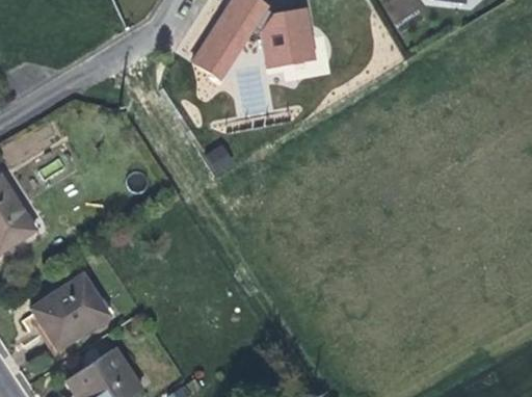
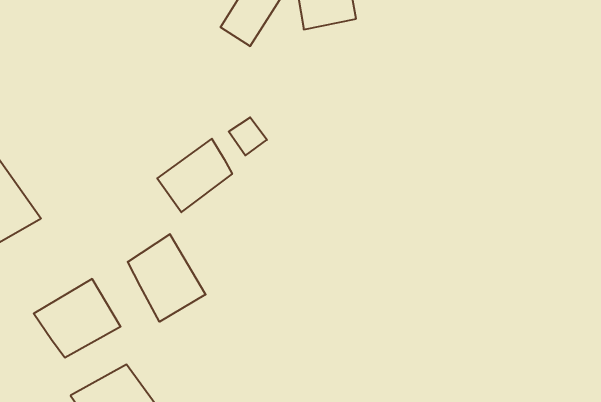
building: none -> [157,139,232,212]
building: none -> [128,234,206,322]

